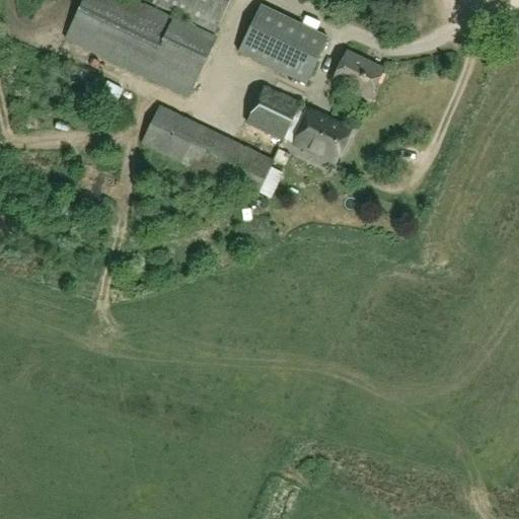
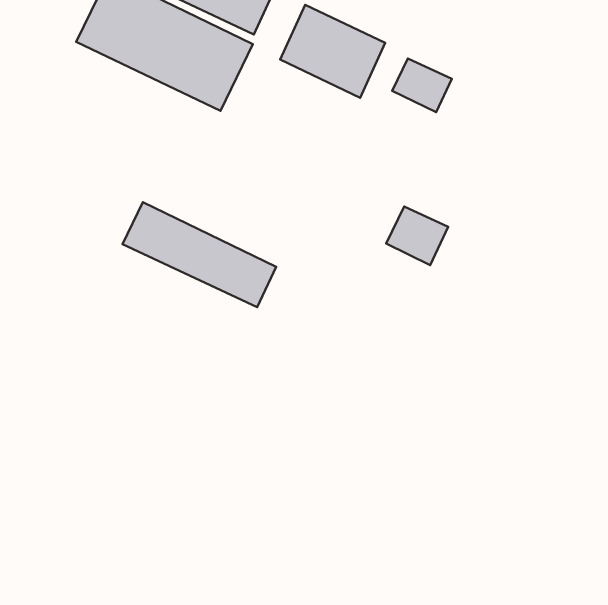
building: [246,85,300,139] -> none
building: [142,105,273,195] -> [122,202,276,307]
building: [296,109,349,159] -> [386,207,448,265]

